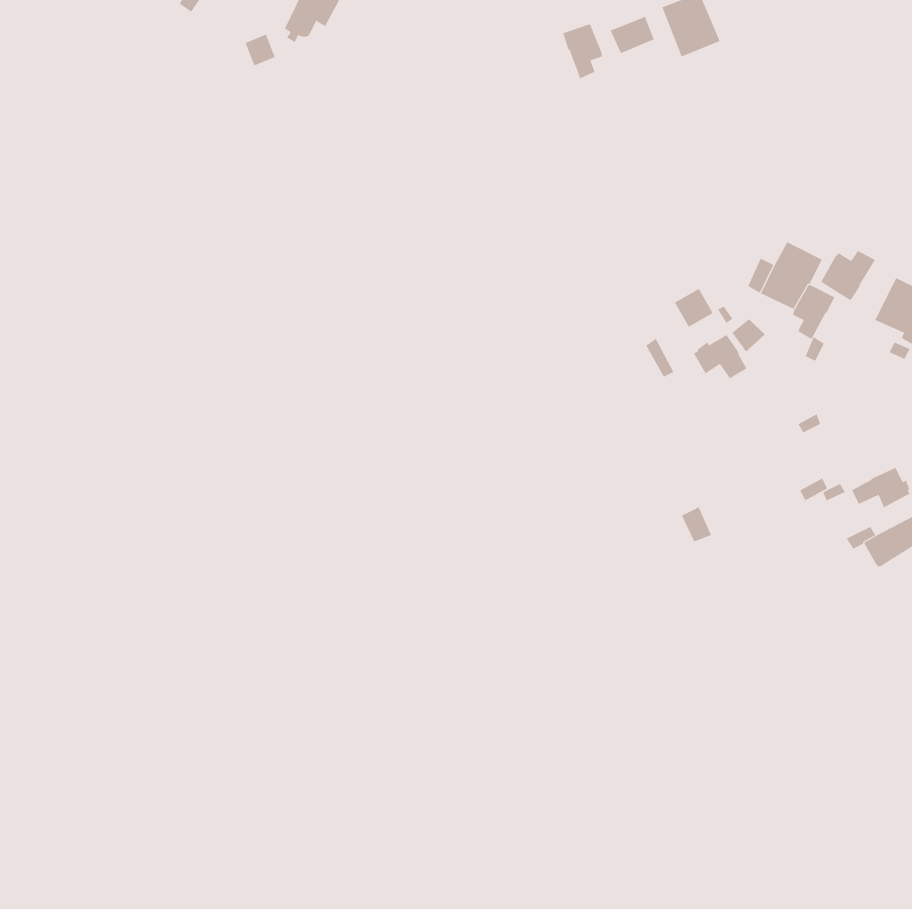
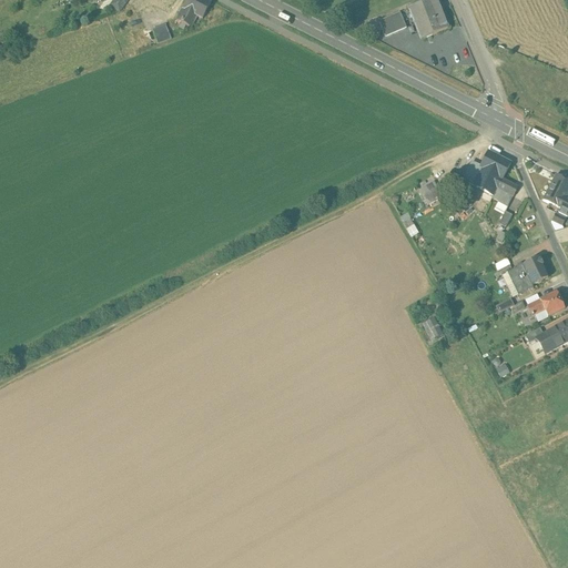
building: [562,24,603,79] -> none
building: [821,250,876,301] -> none
building: [693,334,747,379] -> none
building: none -> [508,255,549,293]

